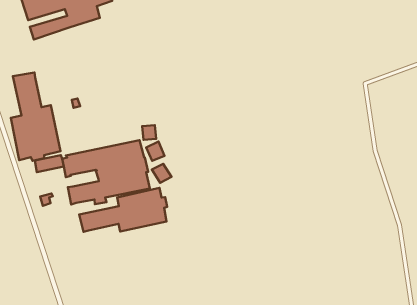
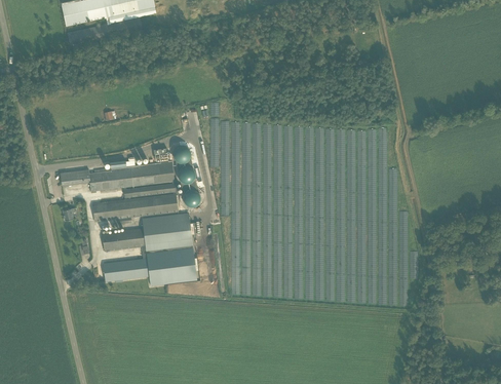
building: [11,73,61,161] -> none
building: none -> [102,247,197,284]

